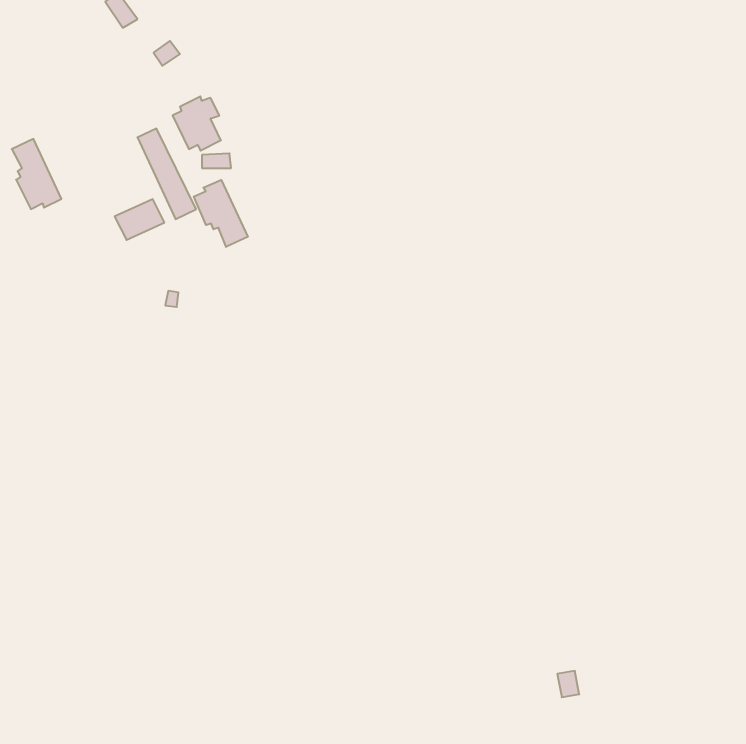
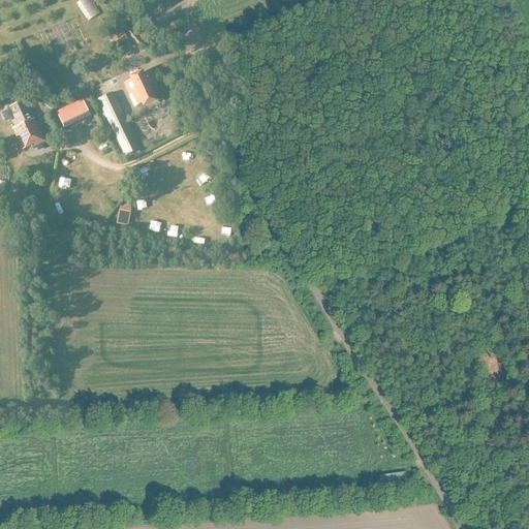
building: [194,180,248,247] -> none
building: [115,199,164,240] -> [56,98,91,127]

